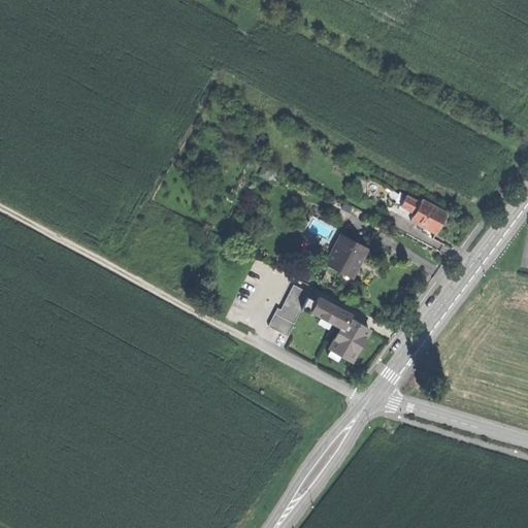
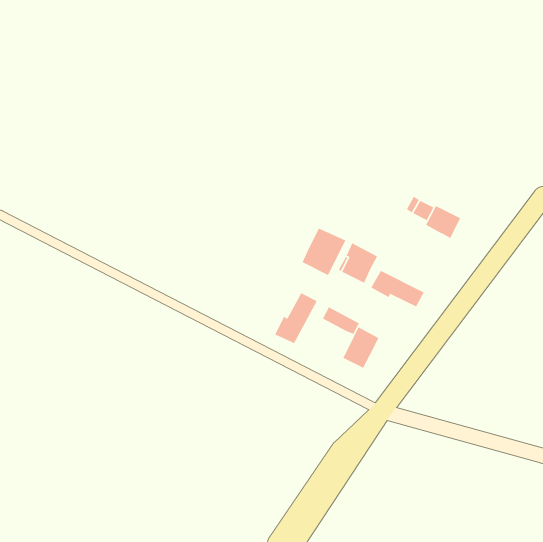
building: none -> [302,227,346,276]
building: none -> [370,270,425,308]

